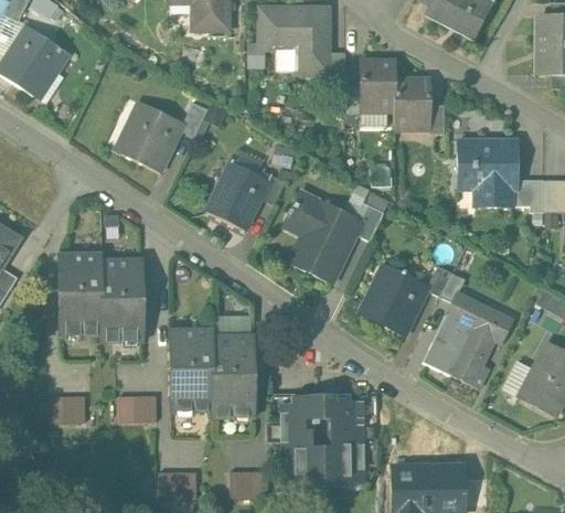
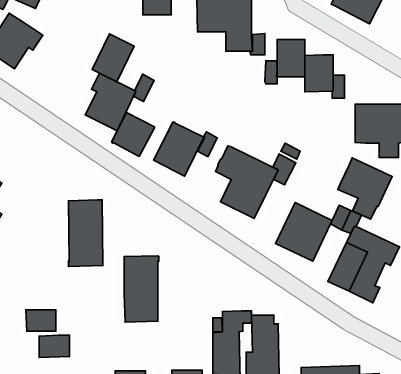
building: none -> [92,34,134,82]
building: none -> [111,113,155,157]
building: none -> [338,158,392,219]
building: [60,254,102,335] -> none
building: [212,335,255,417] -> none
building: [119,395,157,423] -> [39,335,69,357]

